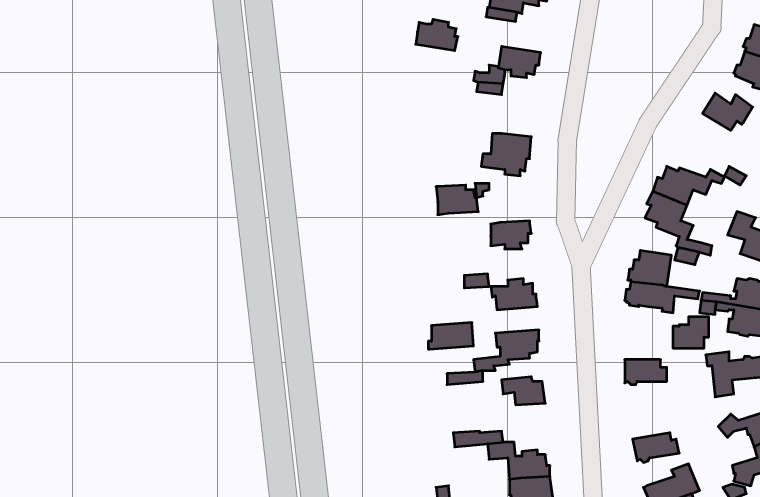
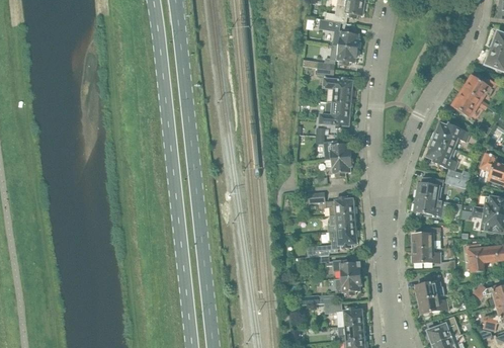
building: [416,19,458,51] -> [333,28,360,49]
building: none -> [322,76,353,103]
building: none -> [452,88,489,117]
building: [436,185,478,215] -> [324,141,351,160]
building: [673,317,709,348] -> [413,228,436,248]
building: [428,323,473,349] -> [328,213,357,231]
building: none -> [416,275,444,299]
building: none -> [335,276,361,295]

